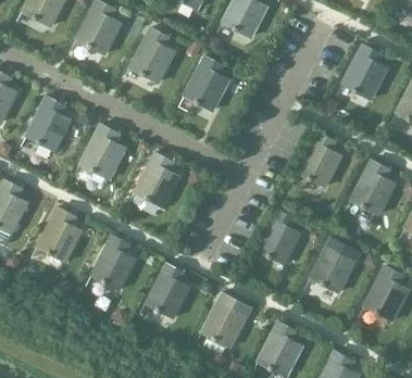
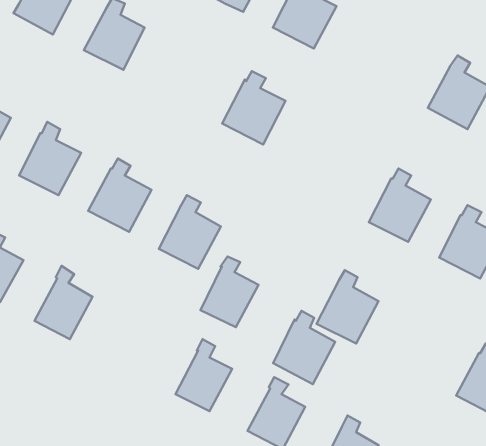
building: [129,26,178,83] -> none
building: [92,235,137,289] -> [201,257,258,327]
building: [310,237,358,293] -> [273,311,335,384]

